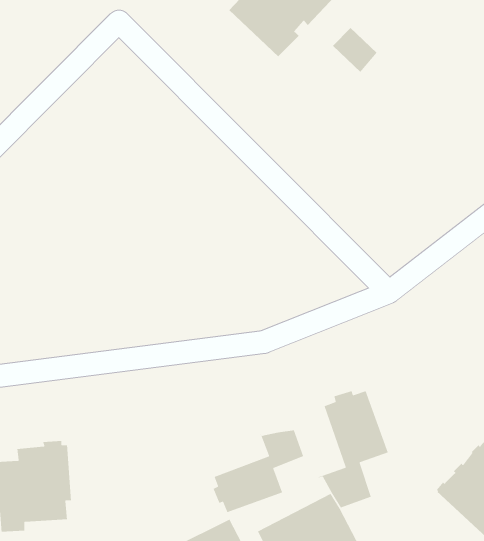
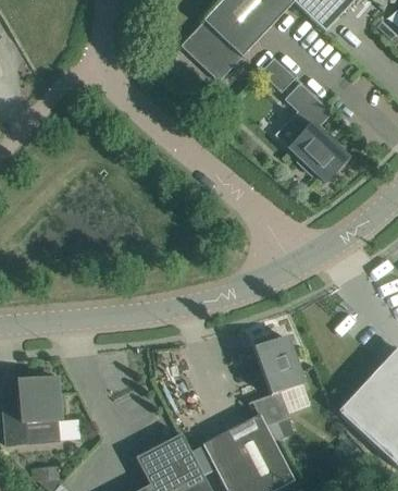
building: none -> [285,82,350,182]
building: [212,430,304,513] -> none

